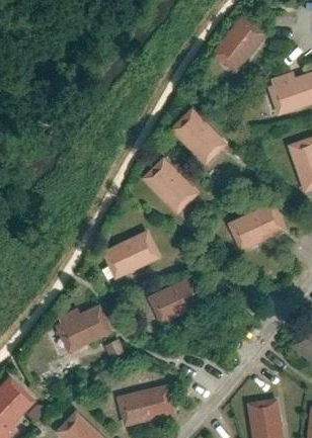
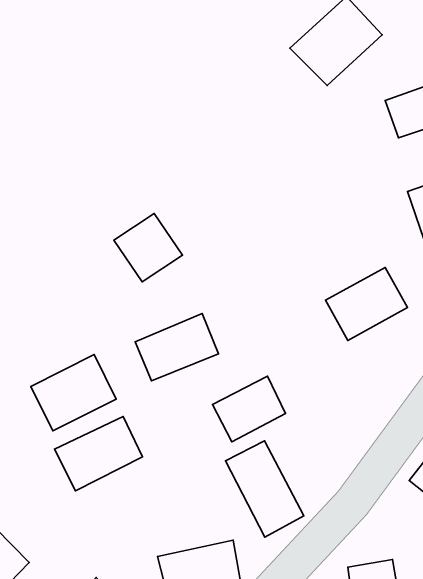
building: [174,116,225,166] -> none
building: [143,163,189,209] -> [114,213,182,282]
building: none -> [31,355,116,431]
building: none -> [226,441,304,537]

